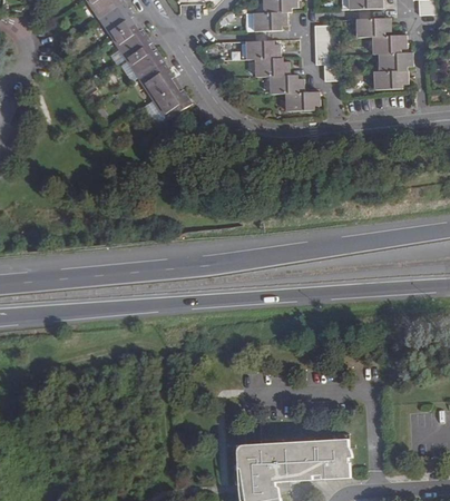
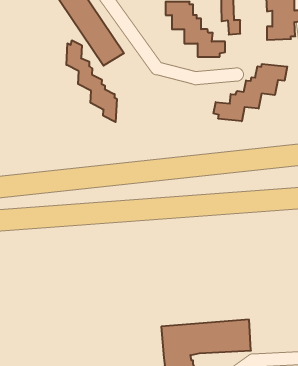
building: none -> [66,40,117,122]
building: none -> [213,64,287,121]

